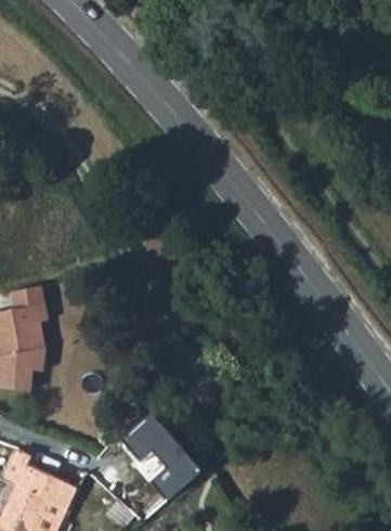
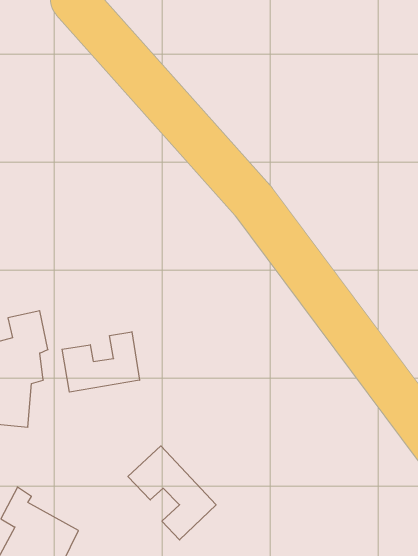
building: none -> [62,332,140,392]

